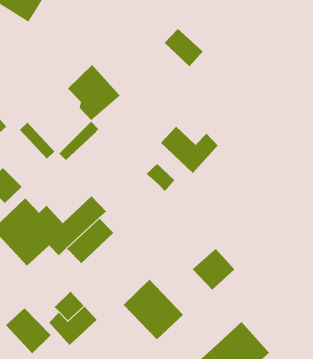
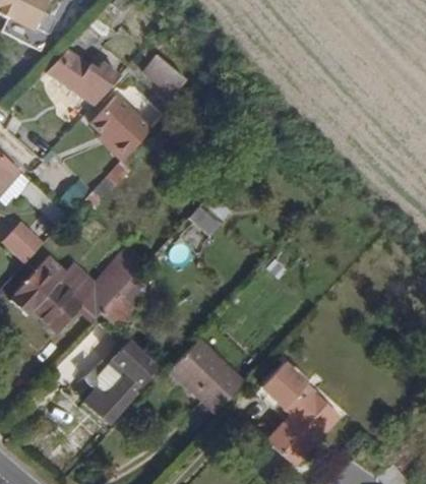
building: none -> [43,50,123,105]
building: [164,28,203,67] -> [141,53,188,98]
building: [160,126,219,174] -> none
building: [192,248,235,291] -> [259,360,310,410]
building: [5,307,52,354] -> [108,339,163,392]

